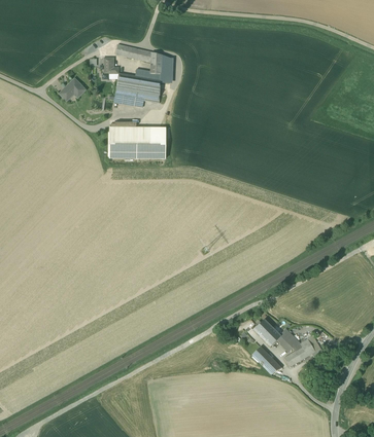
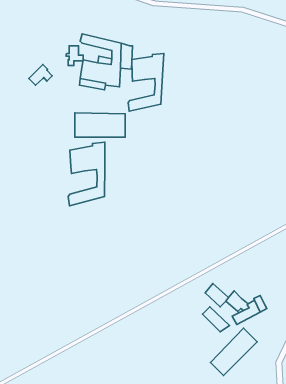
building: none -> [128,54,164,111]
building: none -> [68,142,105,206]
building: none -> [210,328,257,376]

